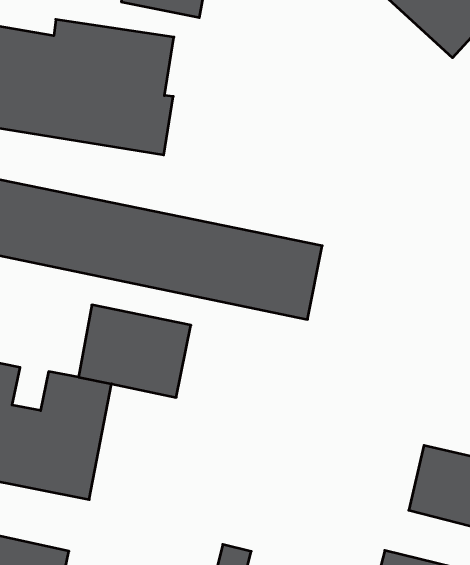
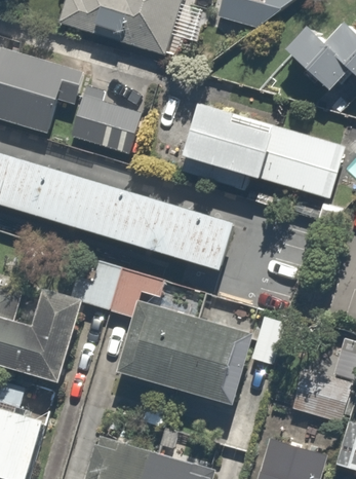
building: none -> [180,104,332,194]
building: none -> [122,305,256,408]

